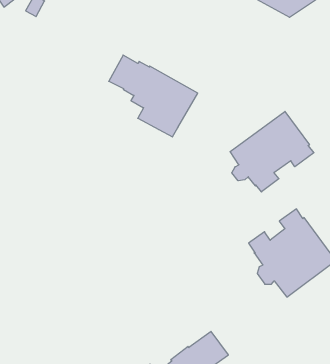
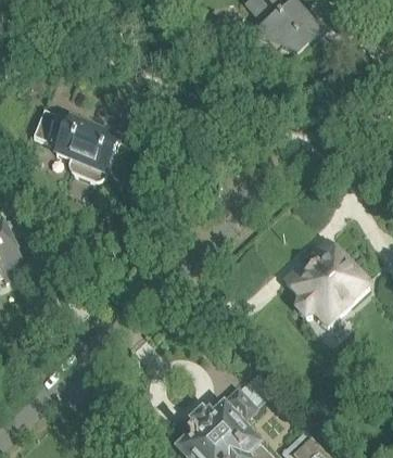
building: [109,55,198,137] -> [33,110,121,183]
building: [230,111,314,192] -> none

